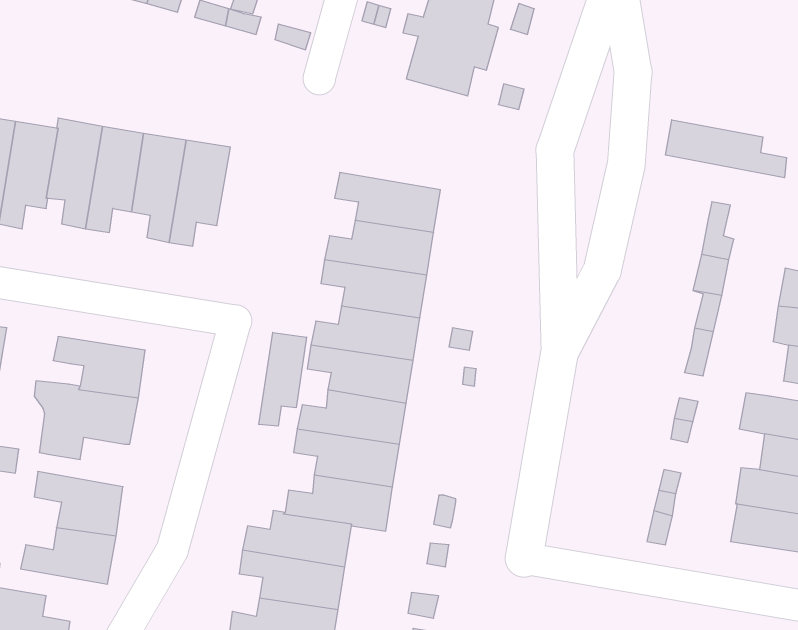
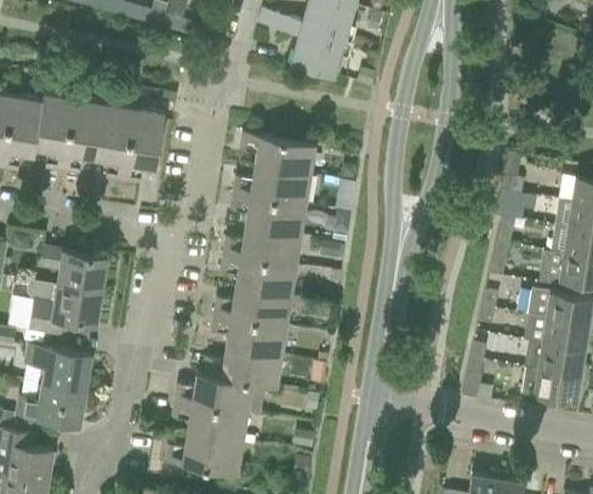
building: [665,120,786,178] -> none
building: [259,332,307,426] -> none

